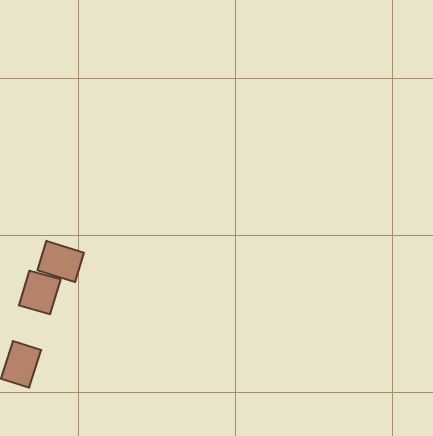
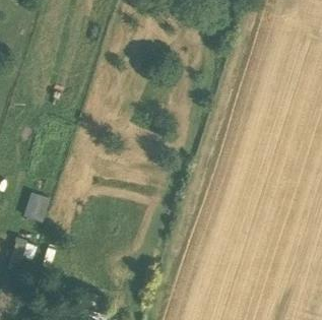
building: [38,241,84,282] -> none

